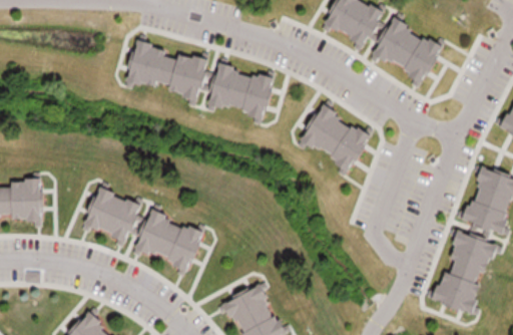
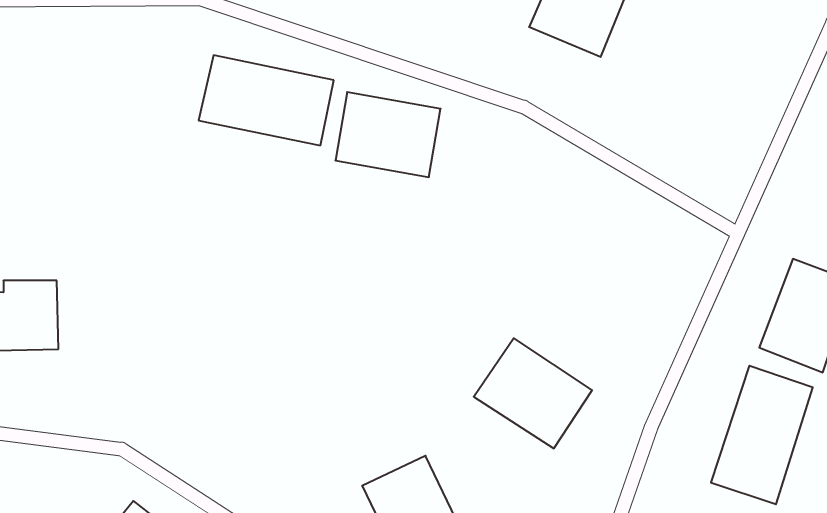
building: [371,18,442,83] -> none
building: [299,105,370,172] -> [474,338,592,448]
building: [83,188,141,242] -> none
building: [134,211,202,270] -> none

